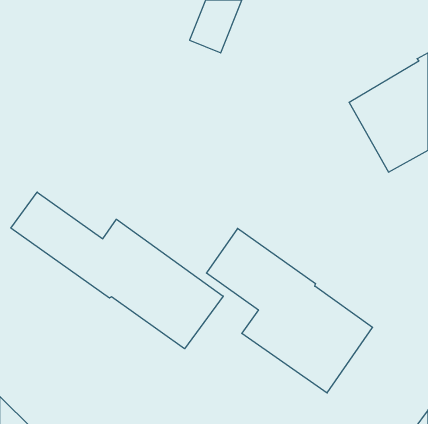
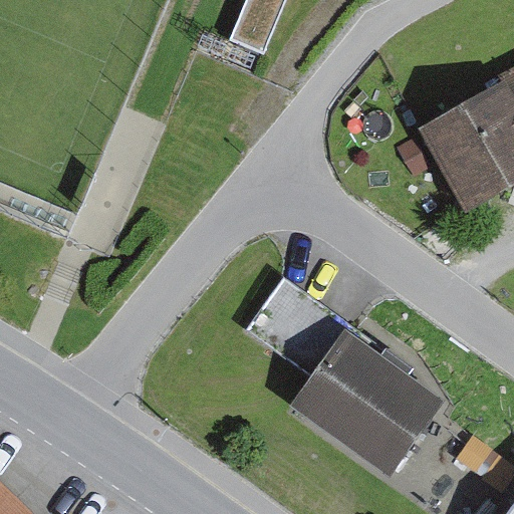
building: [11,192,223,349] -> none

